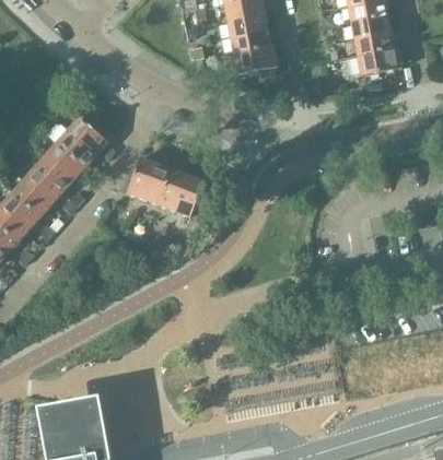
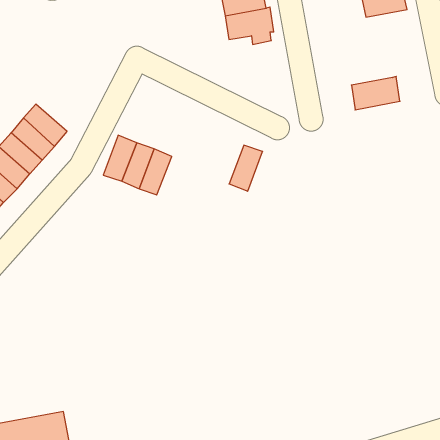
building: [358,46,400,75] -> [351,76,400,110]
building: [68,117,107,154] -> none
building: [174,176,203,216] -> [229,145,263,191]

